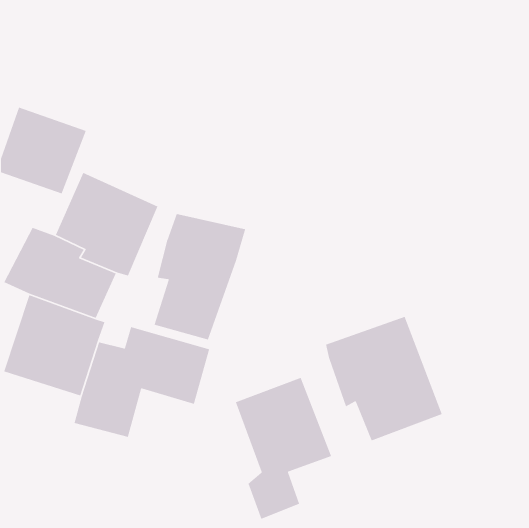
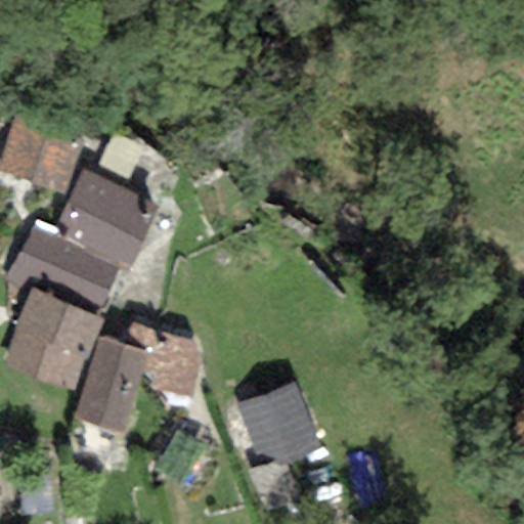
building: [154,213,246,341] -> none
building: [325,316,443,441] -> none

